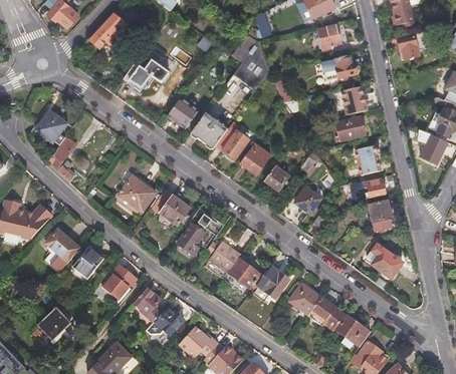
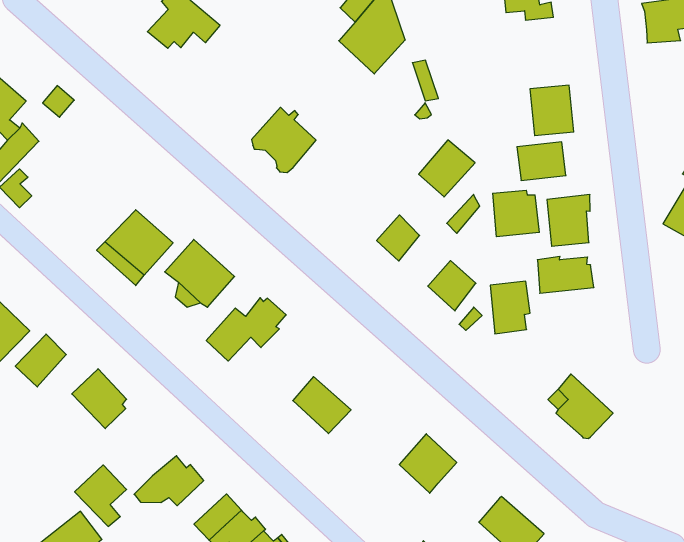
building: [320,55,358,79] -> none
building: [167,97,197,127] -> none
building: [215,119,248,158] -> none
building: [240,142,270,173] -> [419,140,475,197]
building: none -> [493,190,539,237]
building: [368,200,391,230] -> [490,281,530,334]
building: [206,242,239,271] -> none
building: [255,265,288,297] -> none
building: [135,286,163,319] -> [75,465,127,526]
building: [310,295,345,328] -> none

